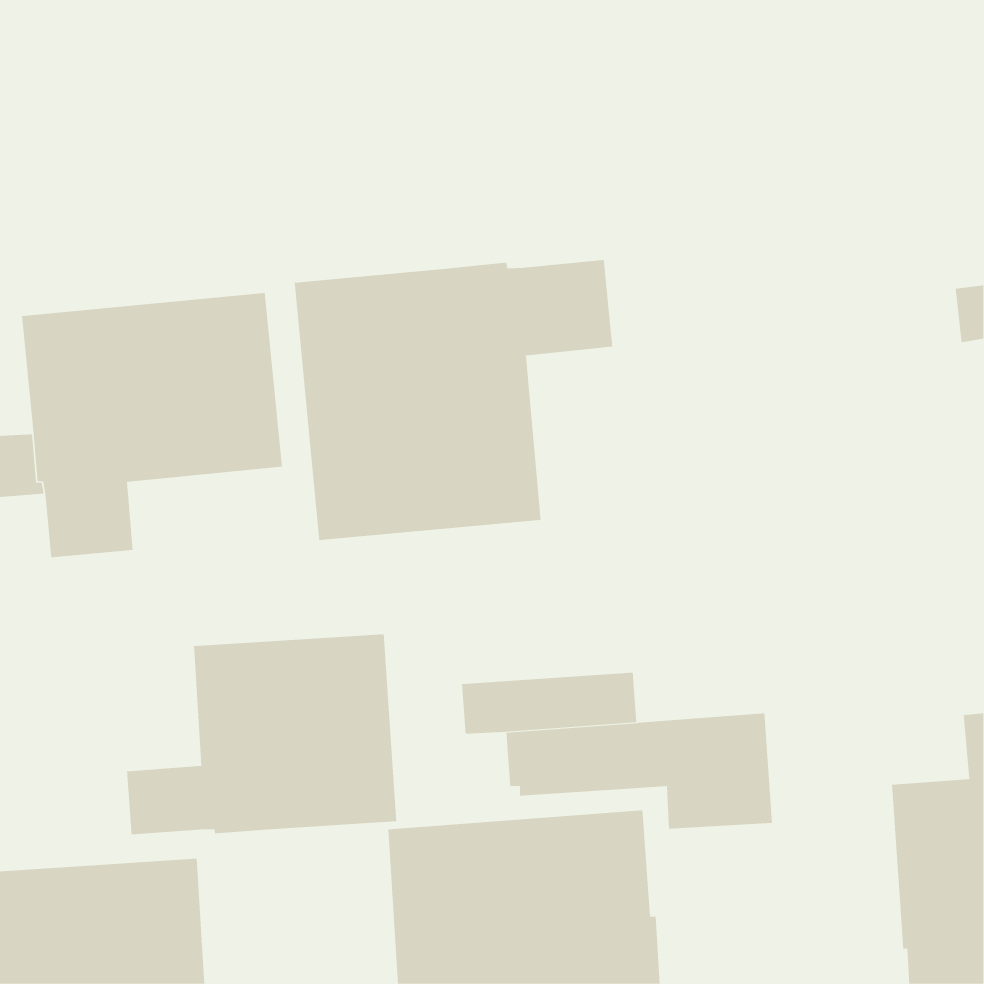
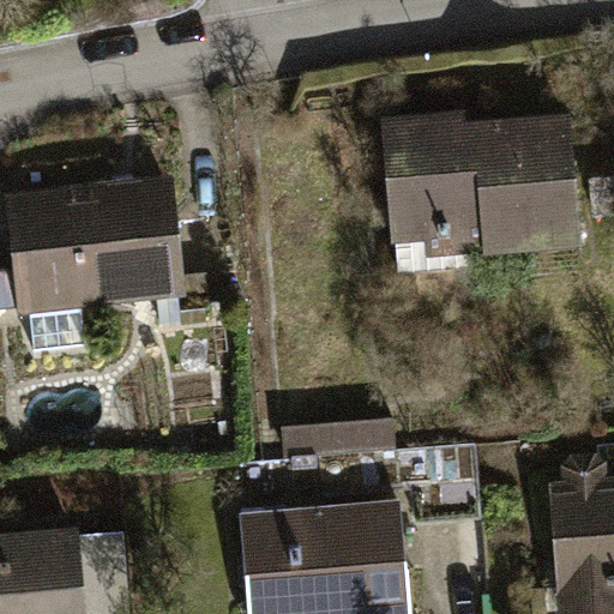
building: none -> [385,116,578,269]
building: [294,259,613,541] -> none
building: [127,633,397,835] -> none

